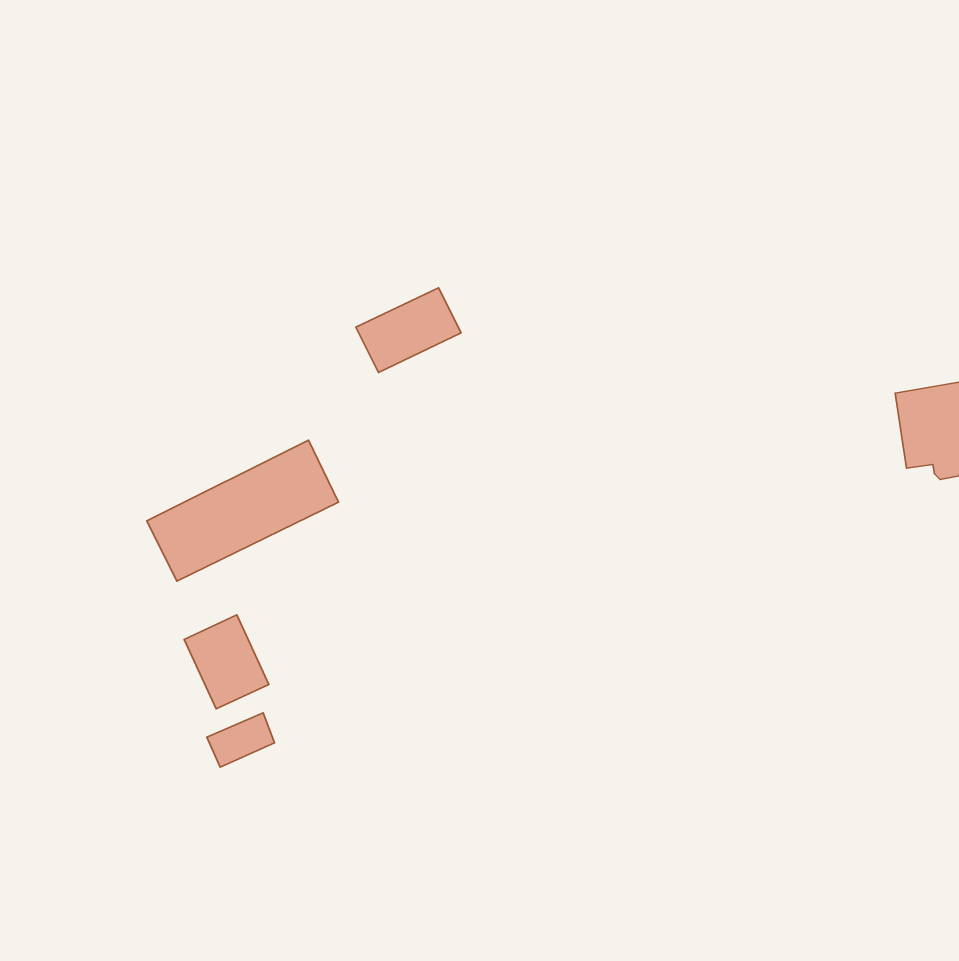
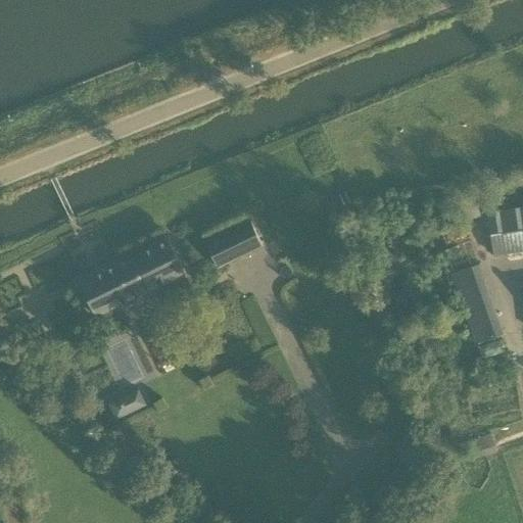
building: [356,288,461,372] -> [206,222,264,268]
building: none -> [460,265,503,340]

